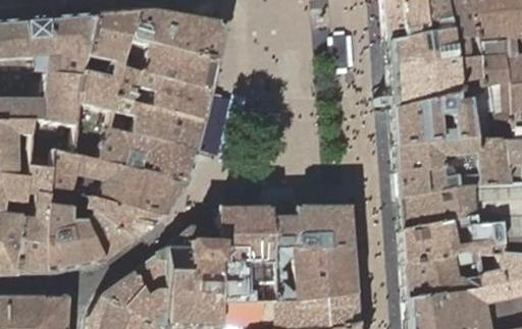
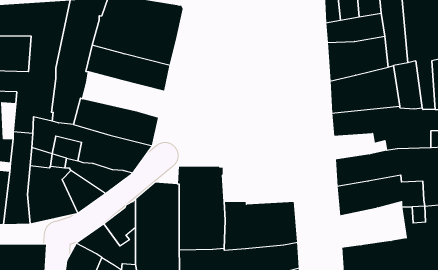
building: [109,98,204,151] -> none
building: [398,169,459,199] -> none
building: [270,206,353,251] -> none
building: [405,248,481,300] -> none

